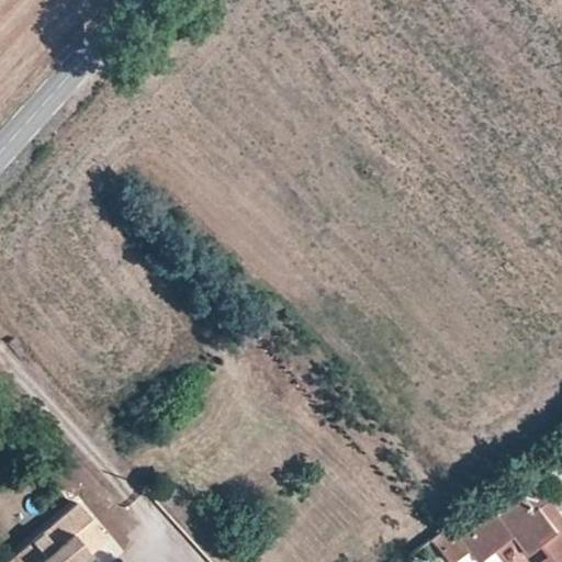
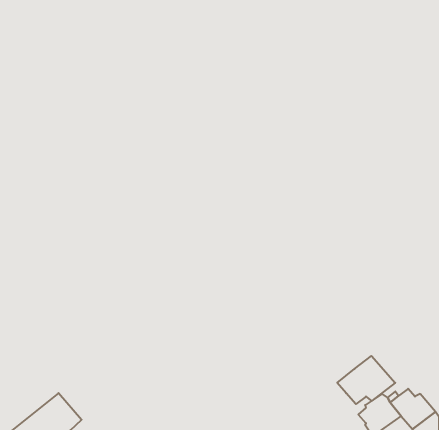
building: none -> [337,356,395,404]

